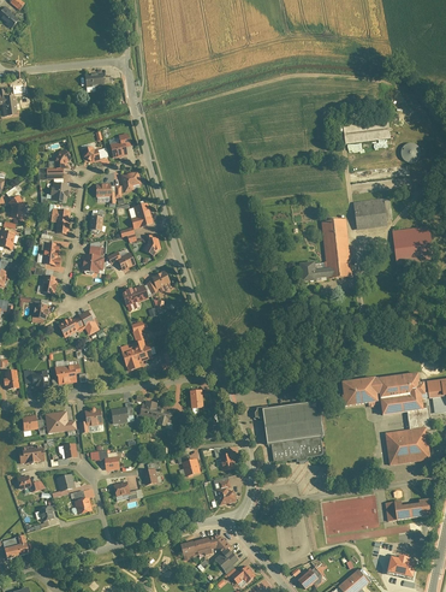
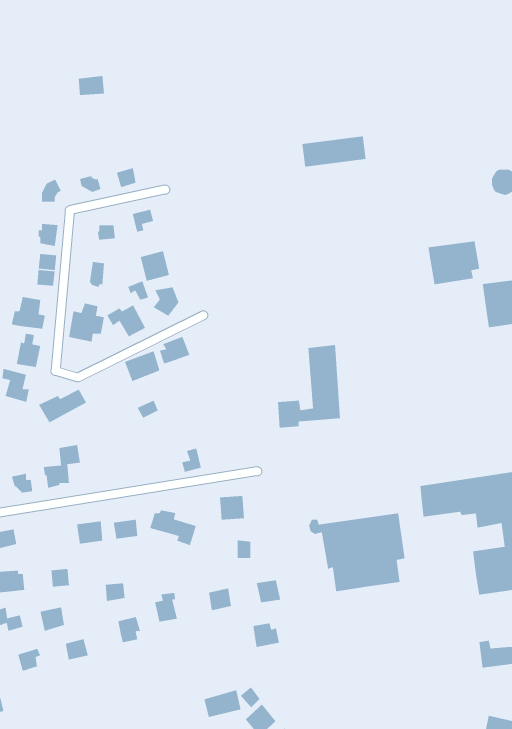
building: [339,119,388,143] -> [301,136,367,167]
building: [296,219,344,283] -> [277,344,341,428]
building: [120,337,154,368] -> none
building: [43,409,76,433] -> none

